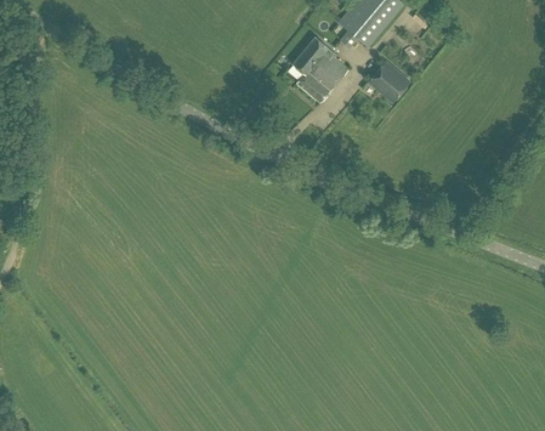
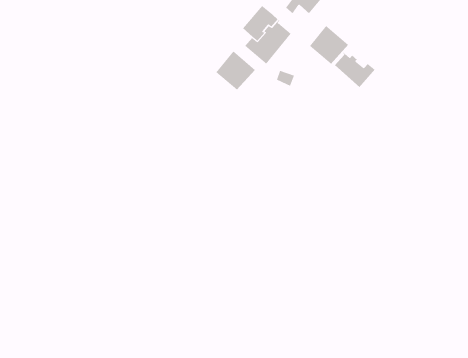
building: none -> [215,51,256,91]
building: none -> [334,52,376,88]

